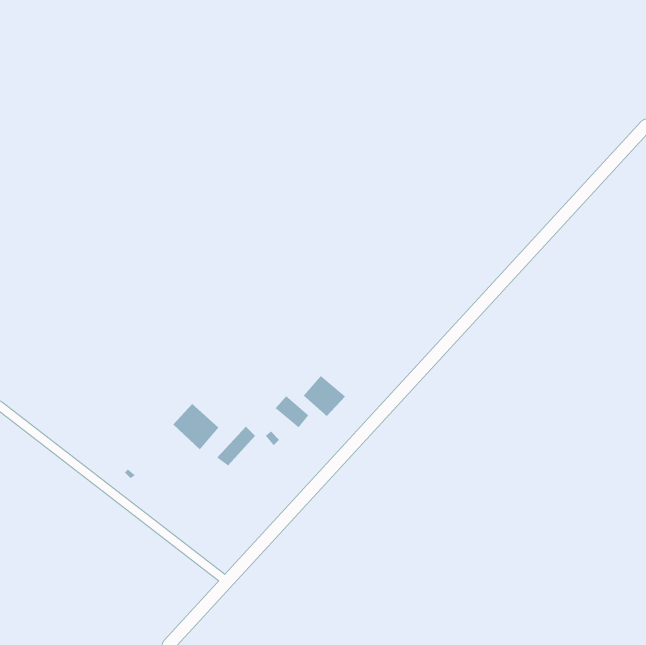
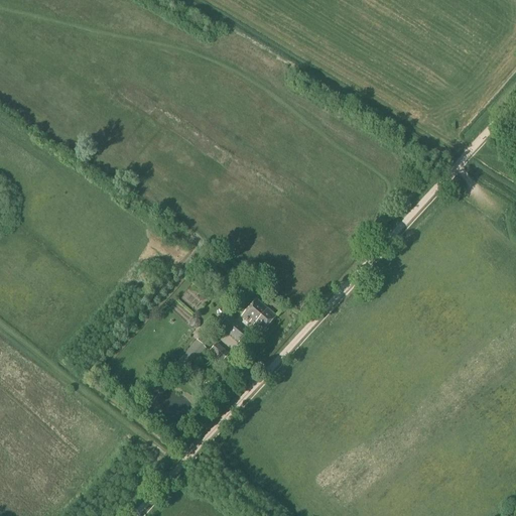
building: [172,403,219,450] -> none

